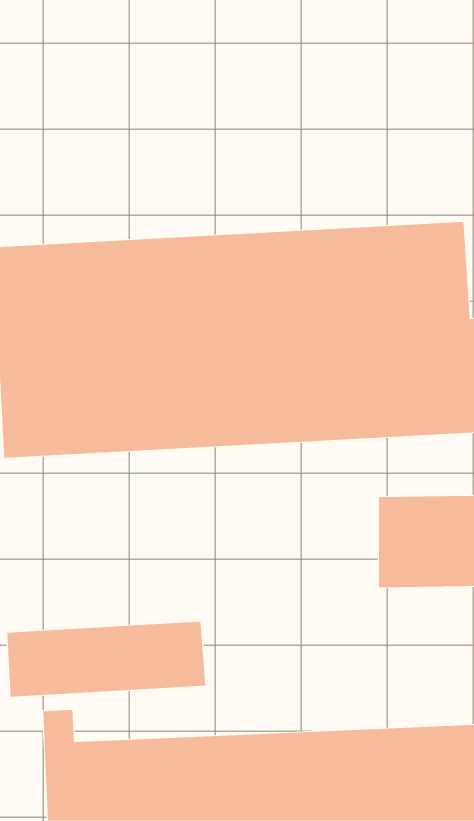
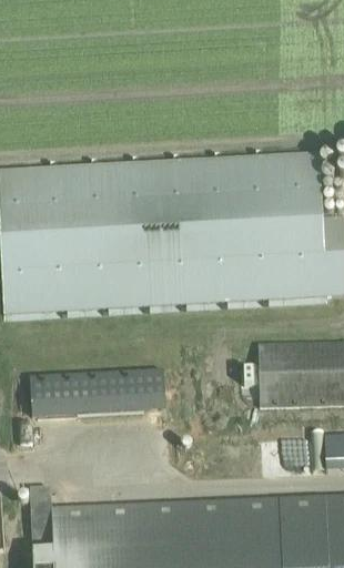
building: [7,621,206,697] -> [30,369,166,422]

